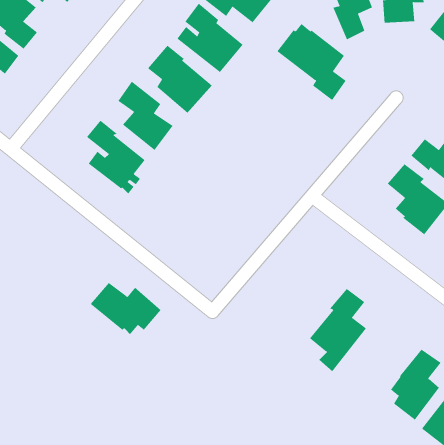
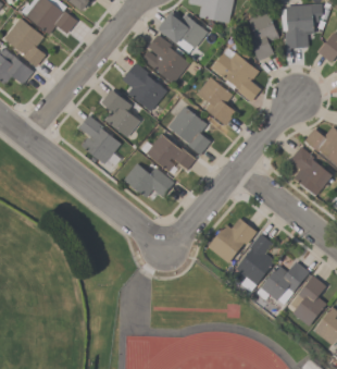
building: none -> [197,76,236,125]
building: none -> [169,106,211,155]
building: none -> [146,134,196,173]
building: none -> [208,218,257,263]
building: [90,282,161,335] -> [124,163,174,200]
building: none -> [258,261,310,305]

